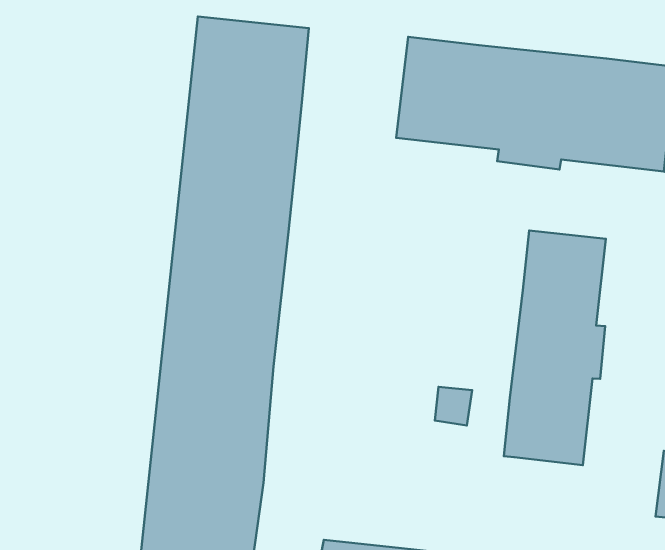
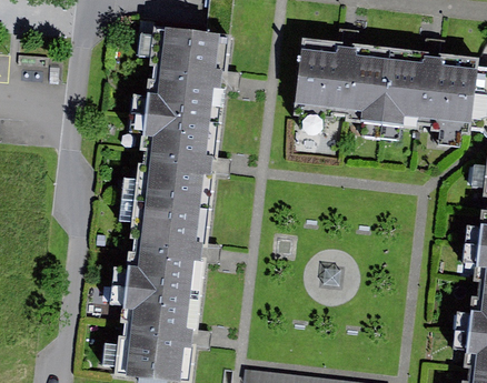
building: [504,230,606,465] -> none

